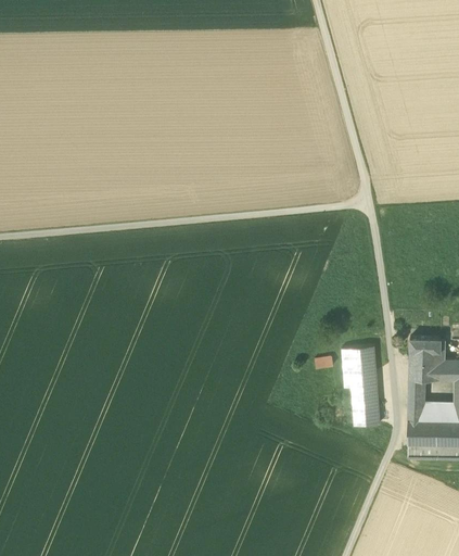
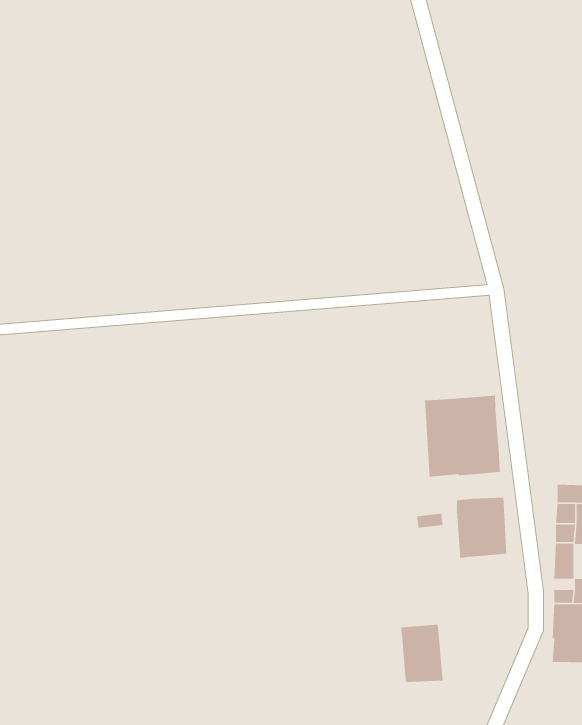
building: none -> [424,395,500,478]
building: [350,384,380,425] -> [400,624,443,683]

